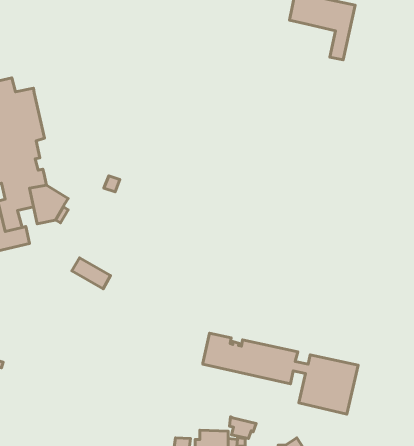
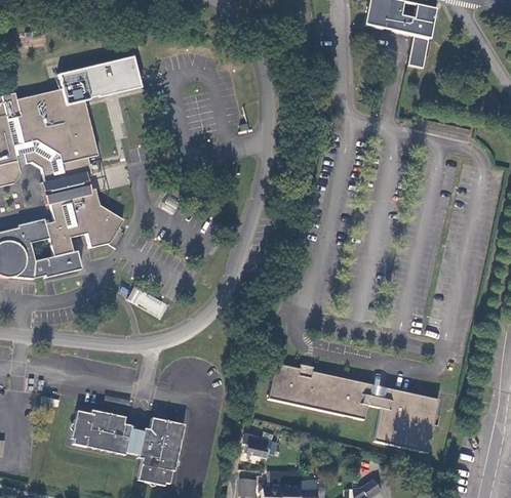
building: none -> [58,54,142,102]
building: none -> [72,410,184,483]
building: [230,417,256,438] -> [243,432,272,456]

